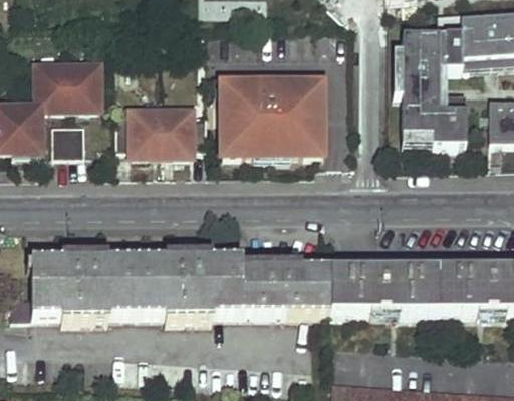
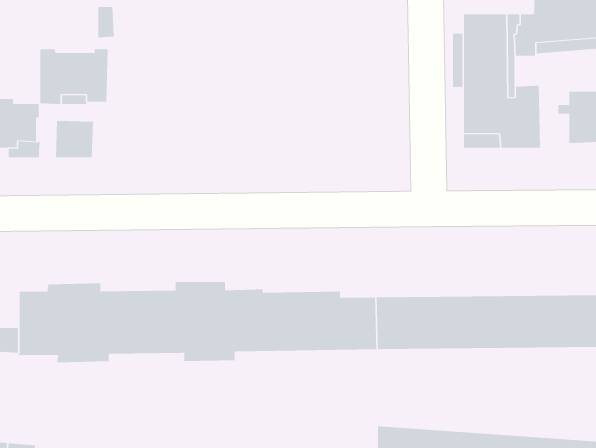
building: [225,78,326,152] -> none
building: [122,108,214,153] -> none

